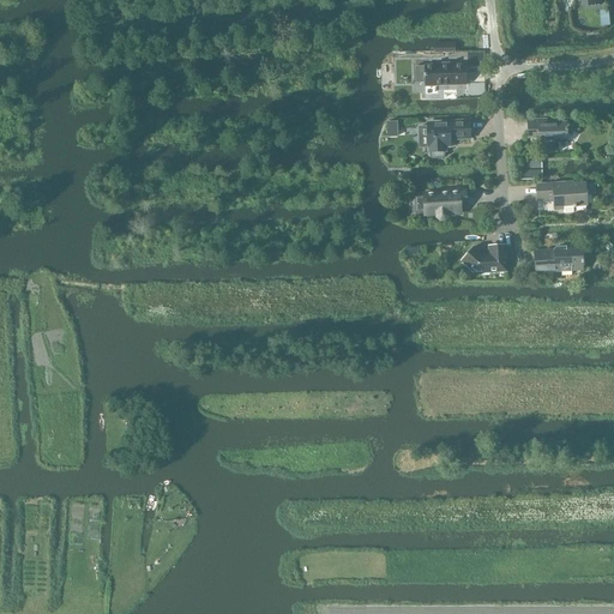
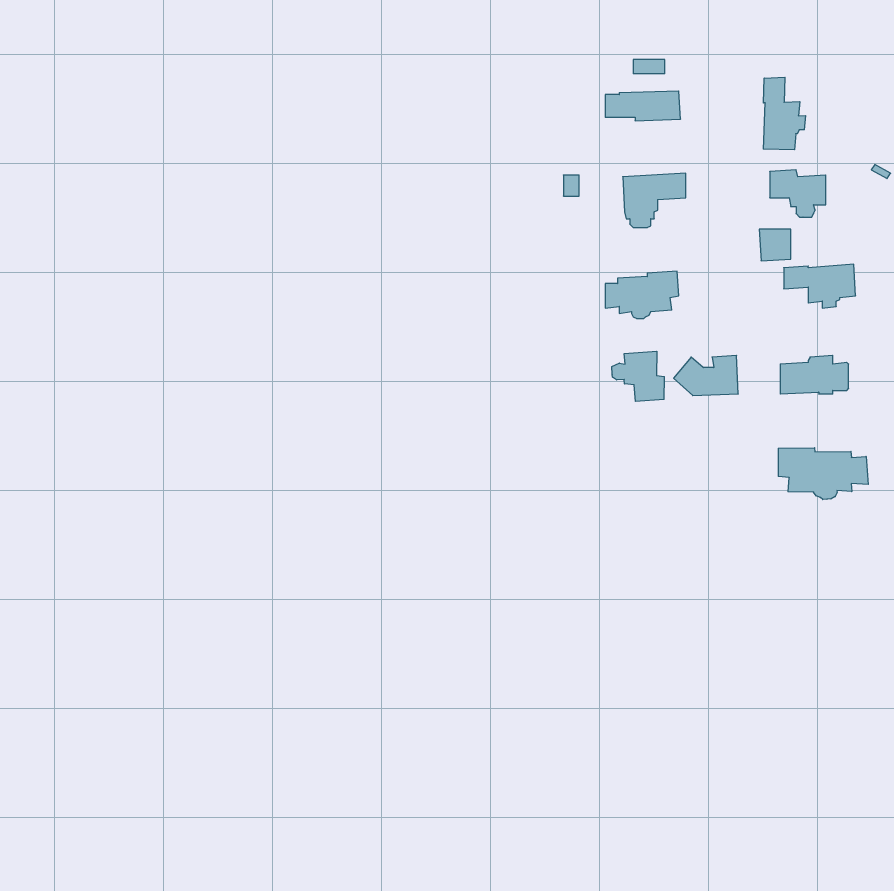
building: none -> [763,77,805,150]
building: none -> [612,351,664,401]
building: none -> [778,448,868,500]

